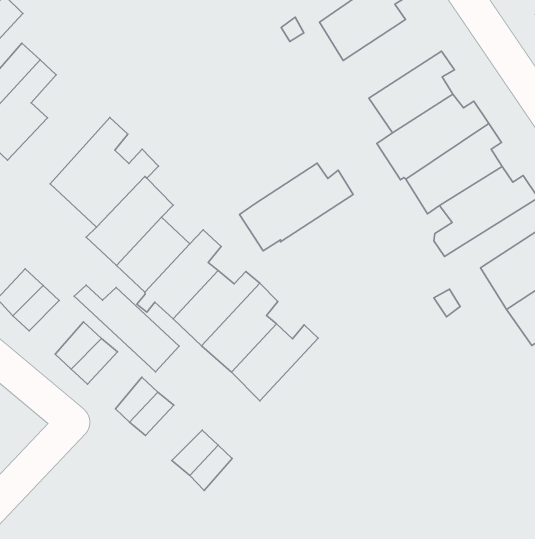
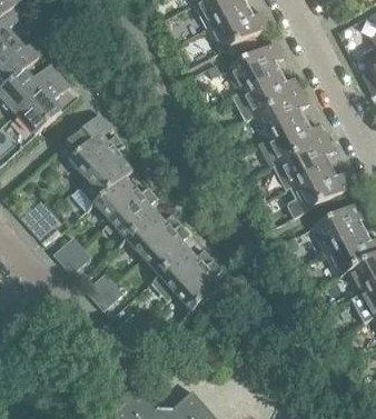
building: [239,163,353,251] -> [232,71,303,121]
building: [74,285,179,372] -> none
building: none -> [172,259,222,312]

